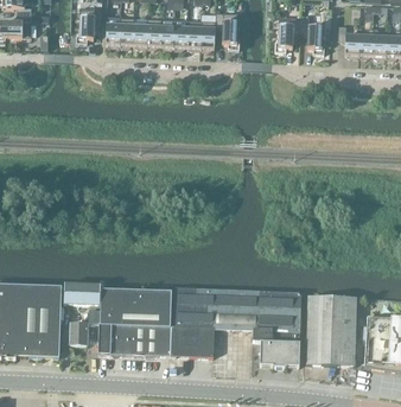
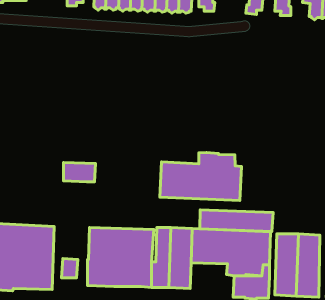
building: none -> [160,152,242,200]
building: none -> [200,210,273,231]
building: [64,285,100,306] -> [63,163,95,182]

